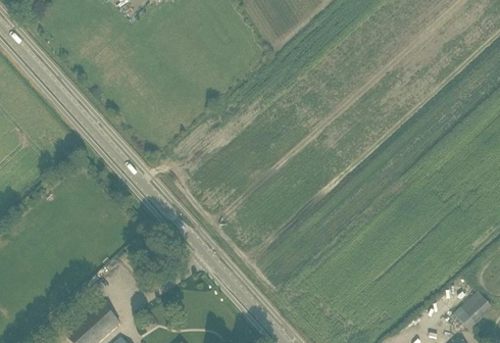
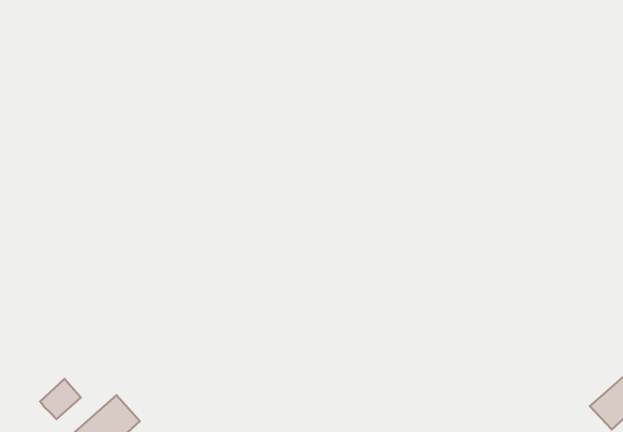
building: none -> [40,379,81,419]

